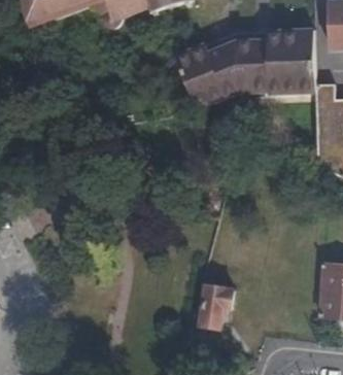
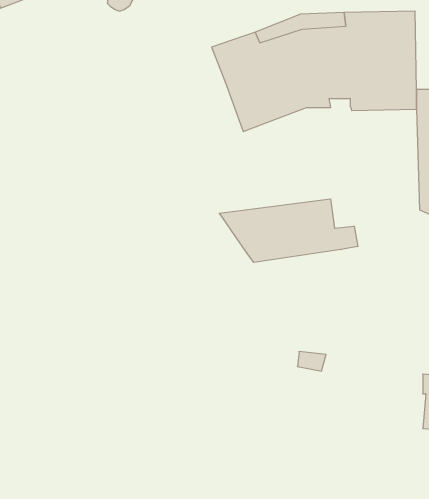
building: none -> [219,199,358,262]
building: [200,284,234,328] -> none

